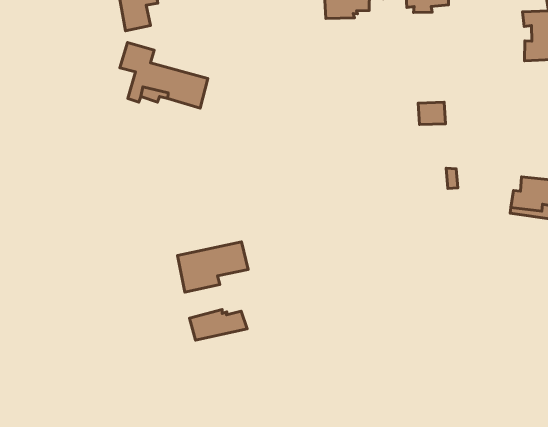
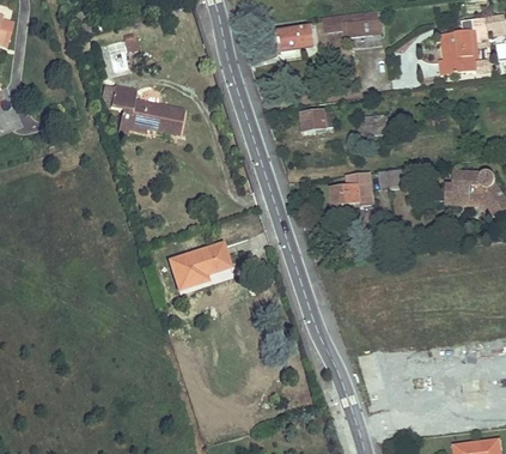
building: none -> [300,110,335,131]
building: none -> [330,171,374,205]
building: [190,309,247,340] -> none

